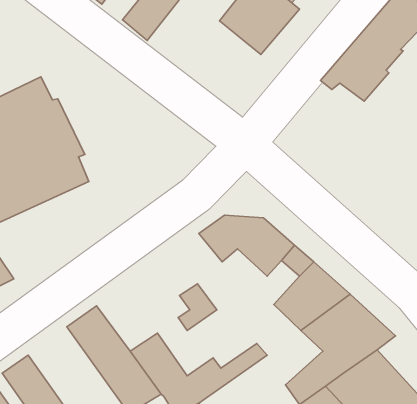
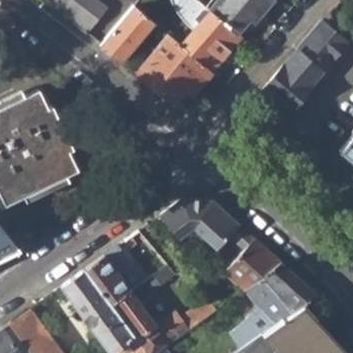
building: none -> [138,38,211,105]
building: none -> [83,246,131,306]

